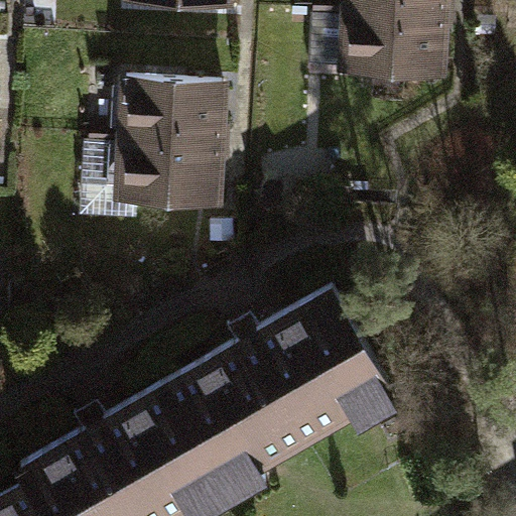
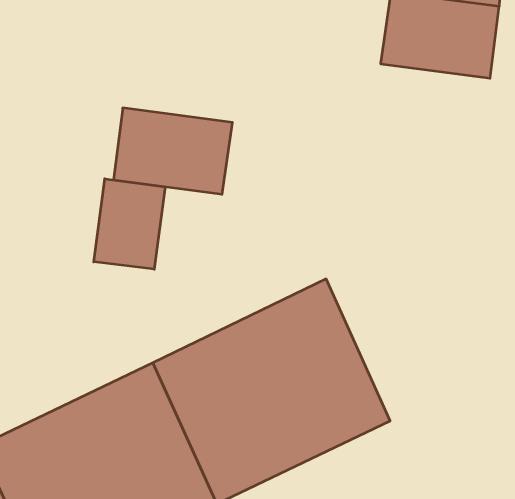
building: [121,81,222,148] -> none
building: none -> [94,179,165,269]

